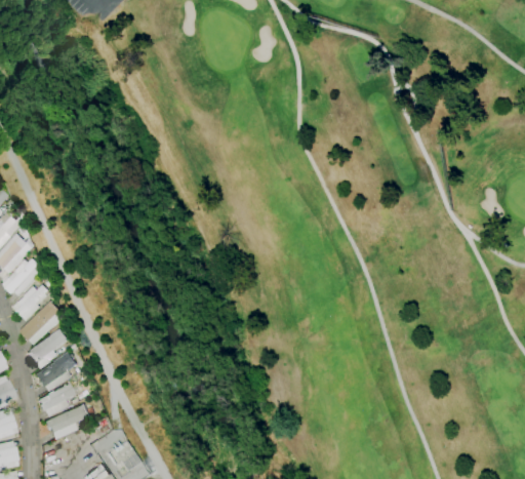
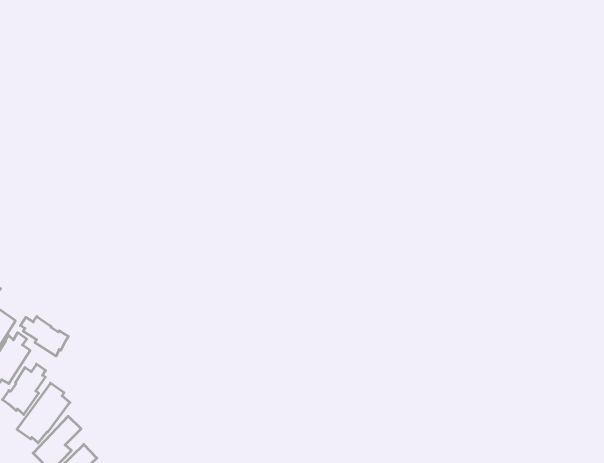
building: none -> [20,316,68,356]

